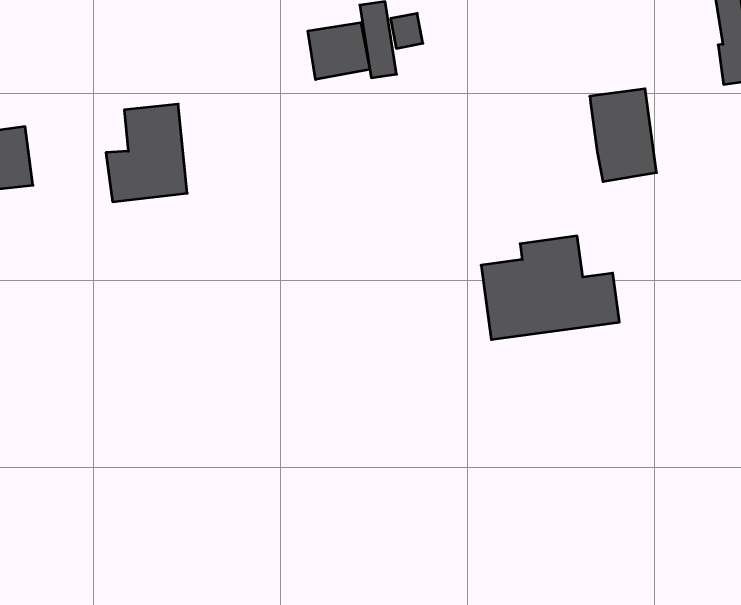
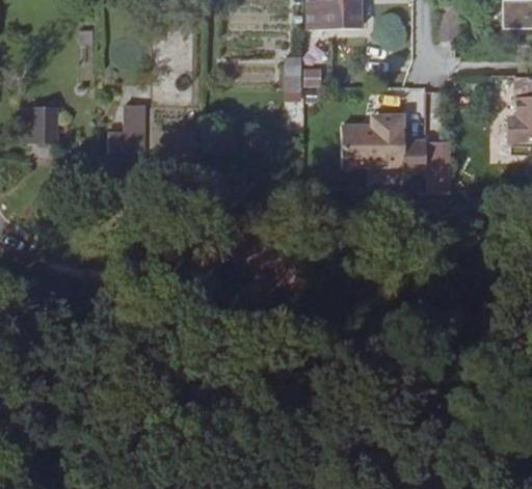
building: [308,23,370,80] -> none
building: [481,236,619,340] -> [341,113,425,172]

